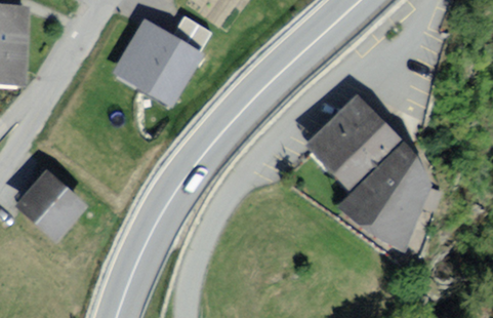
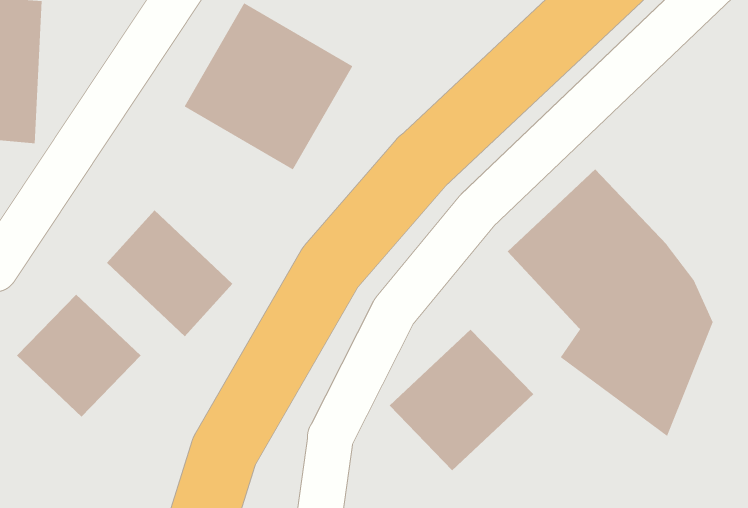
building: none -> [106,210,233,337]
building: none -> [389,329,534,471]

